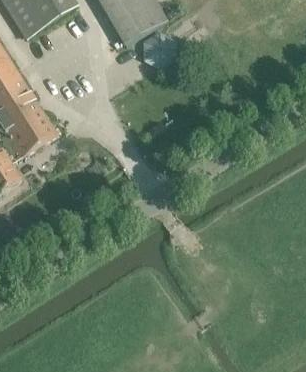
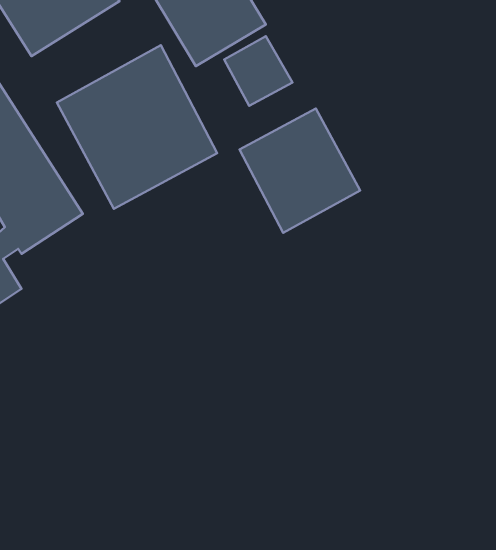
building: none -> [57,45,217,209]
building: none -> [239,108,360,233]

